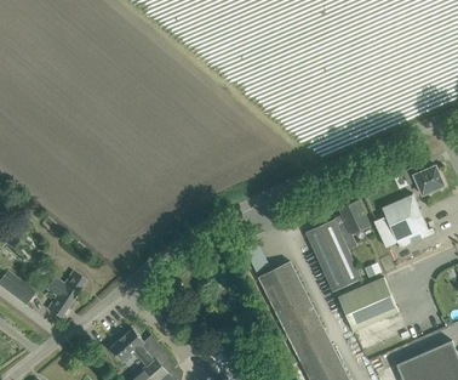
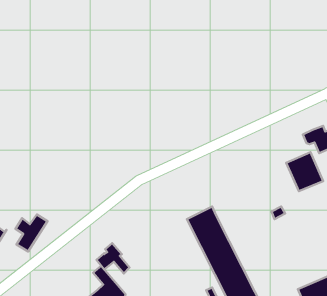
building: [305,199,370,291] -> none
building: [338,277,399,330] -> none
building: [113,328,154,365] -> [96,243,130,274]

